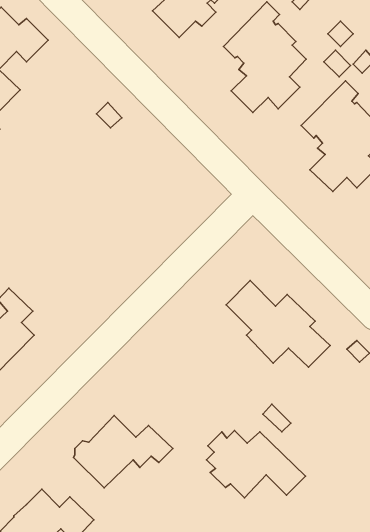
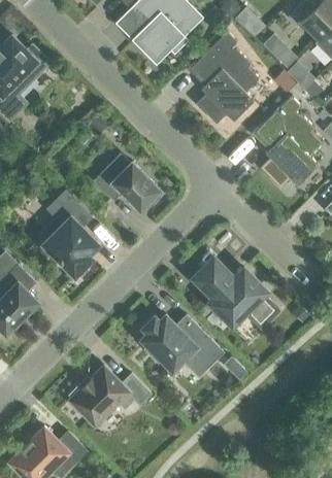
building: none -> [95,155,159,209]
building: none -> [43,196,97,274]
building: [206,430,306,498] -> [142,315,223,370]

